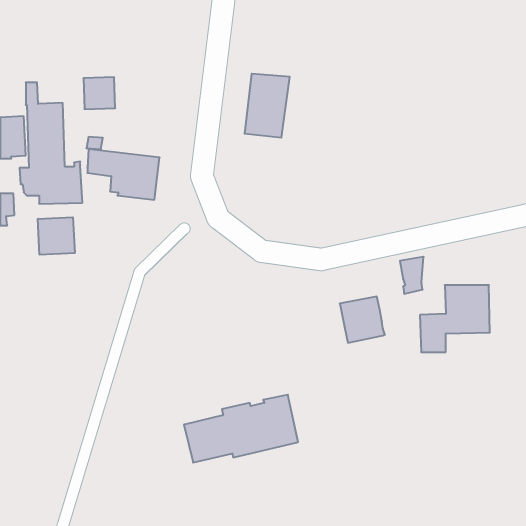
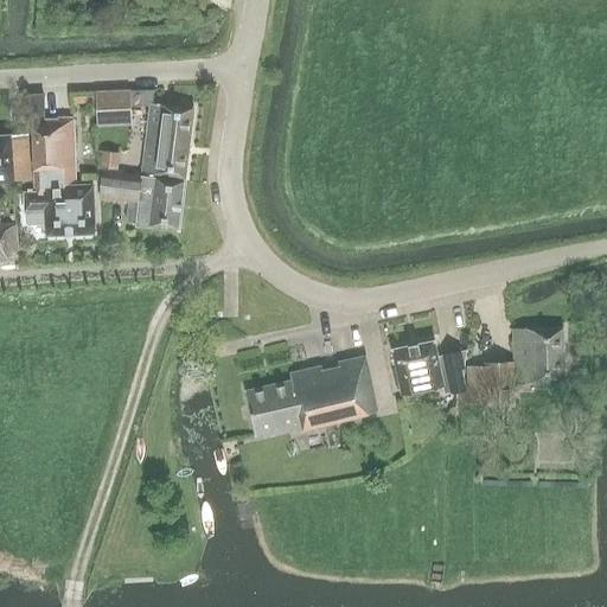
building: [244,74,290,138] -> [141,104,193,178]
building: [38,217,75,255] -> none
building: [400,257,424,294] -> [437,352,465,395]
building: [184,395,298,463] -> [245,357,377,435]

